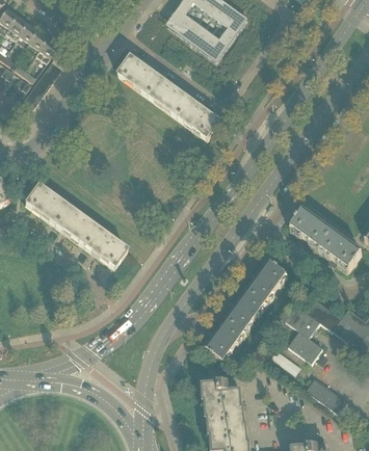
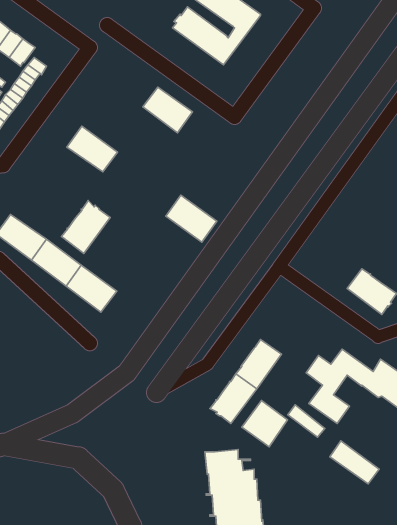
building: [116,55,159,94] -> [67,126,118,172]
building: [176,98,218,137] -> [166,195,217,242]
building: none -> [62,200,110,254]
building: [288,208,331,246] -> none
building: [245,260,284,301] -> none
building: none -> [242,400,288,447]

